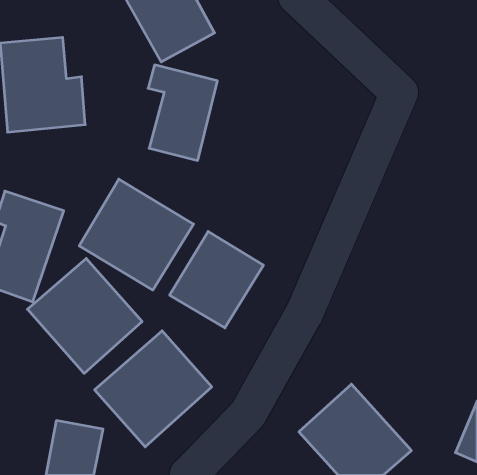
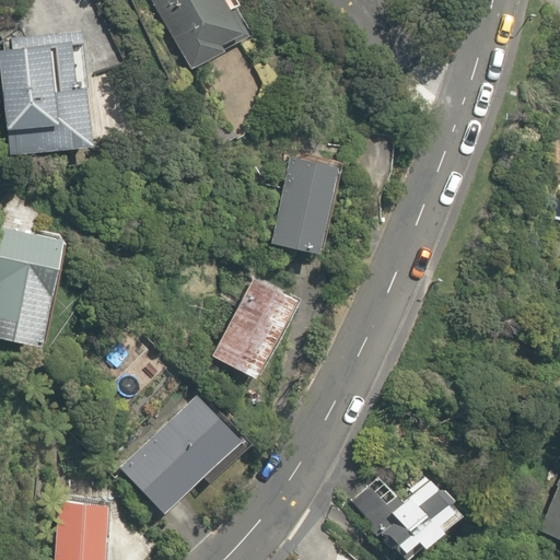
building: [148,65,217,160] -> [267,144,348,256]
building: [79,179,194,290] -> none
building: [27,258,142,373] -> none

